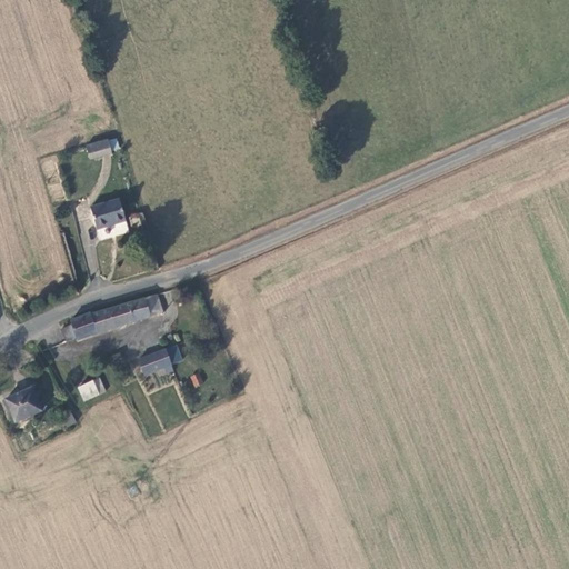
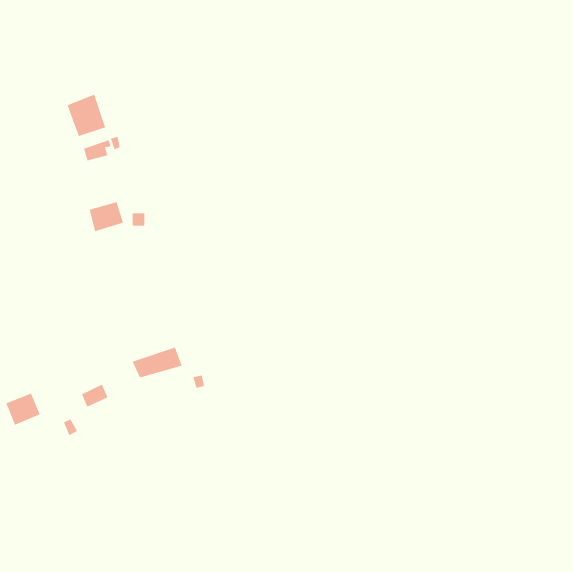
building: none -> [67,94,106,137]
building: [64,296,163,340] -> none

